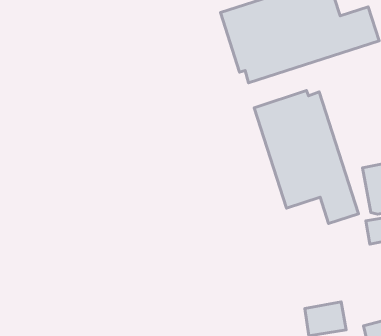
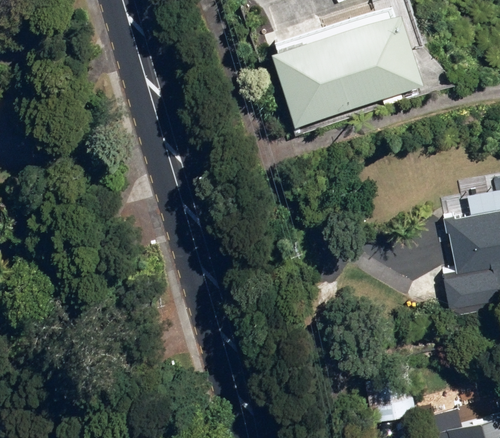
building: [254,91,358,224] -> none

